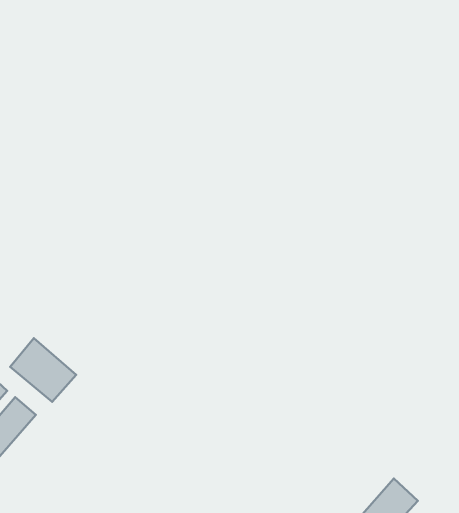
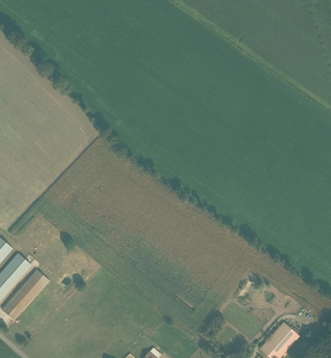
building: [10,338,76,402] -> none

